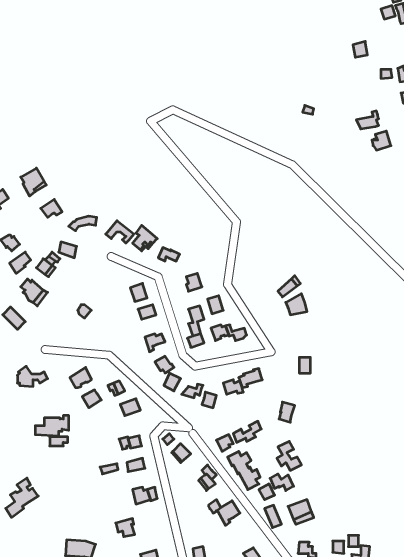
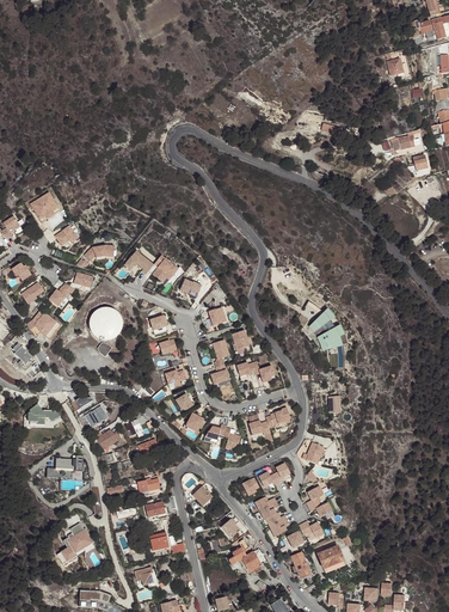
building: none -> [86,304,118,336]
building: [6,478,38,517] -> [59,522,93,564]

